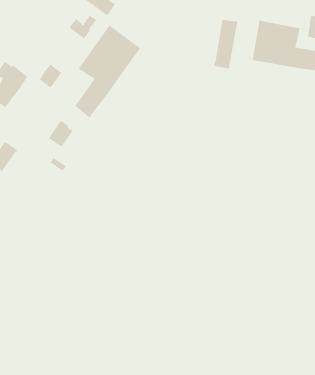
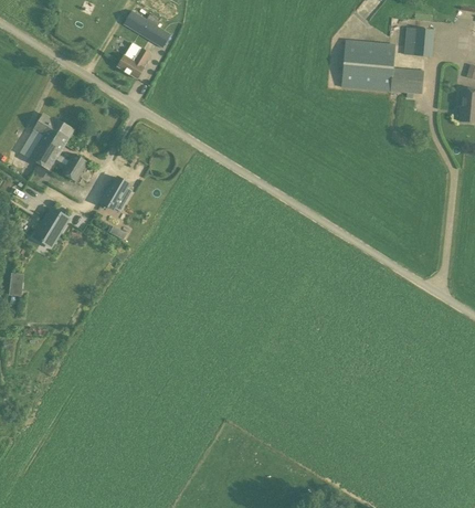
building: [213,19,238,70] -> none
building: [75,25,141,119] -> none
building: [39,64,62,89] -> [60,152,87,182]

